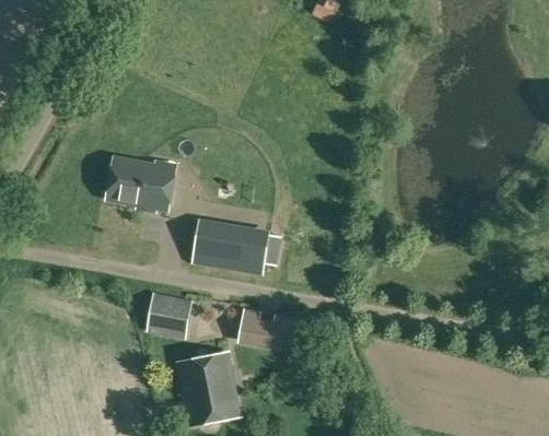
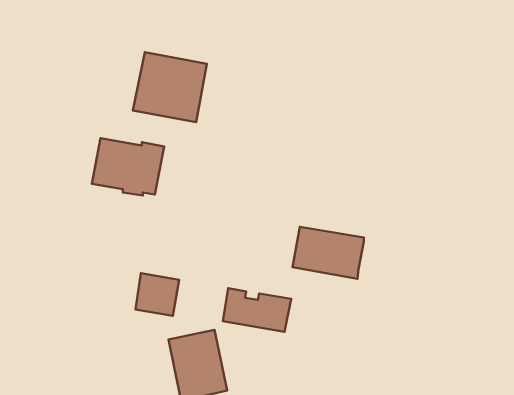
building: none -> [133,52,207,122]
building: [195,221,268,274] -> [292,227,364,279]

